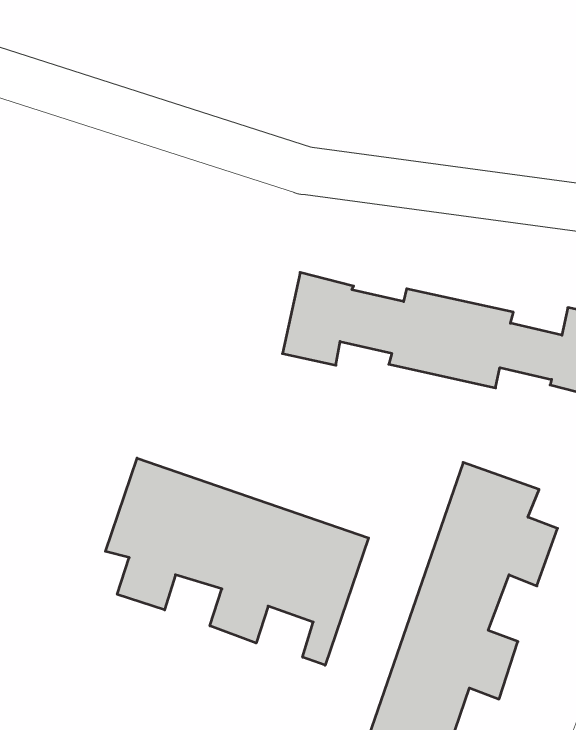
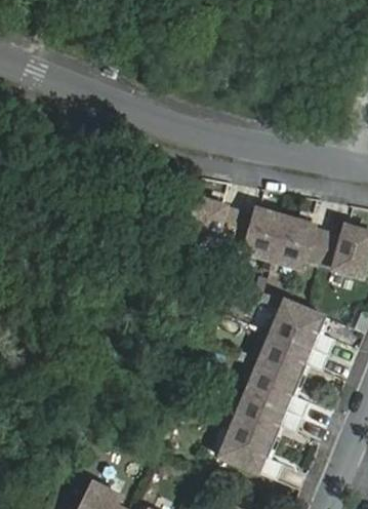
building: [105,458,369,665] -> none

